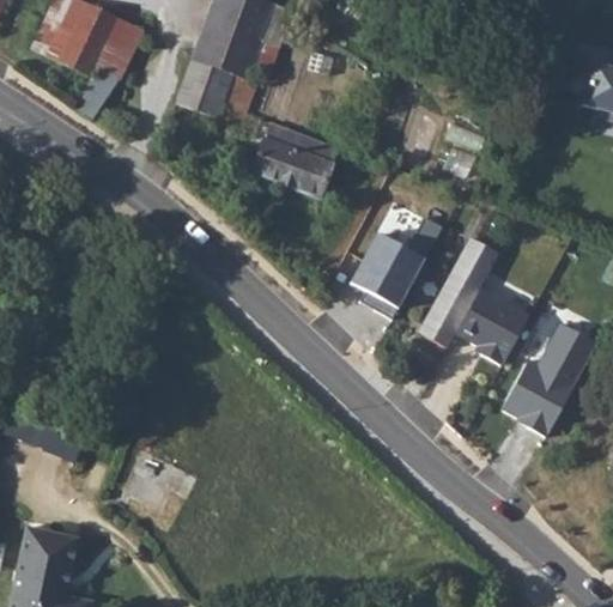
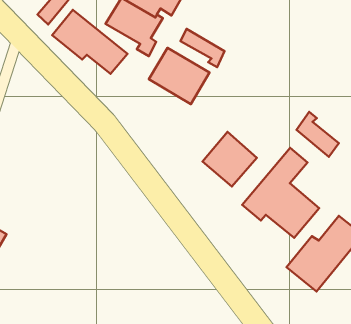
building: none -> [181,29,225,67]
building: none -> [52,10,127,74]
building: none -> [296,112,339,157]

